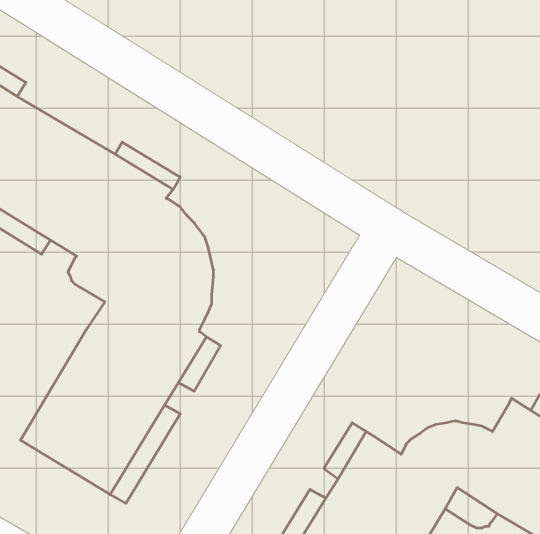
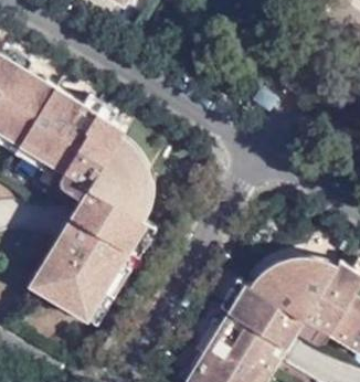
building: none -> [252,257,336,297]

